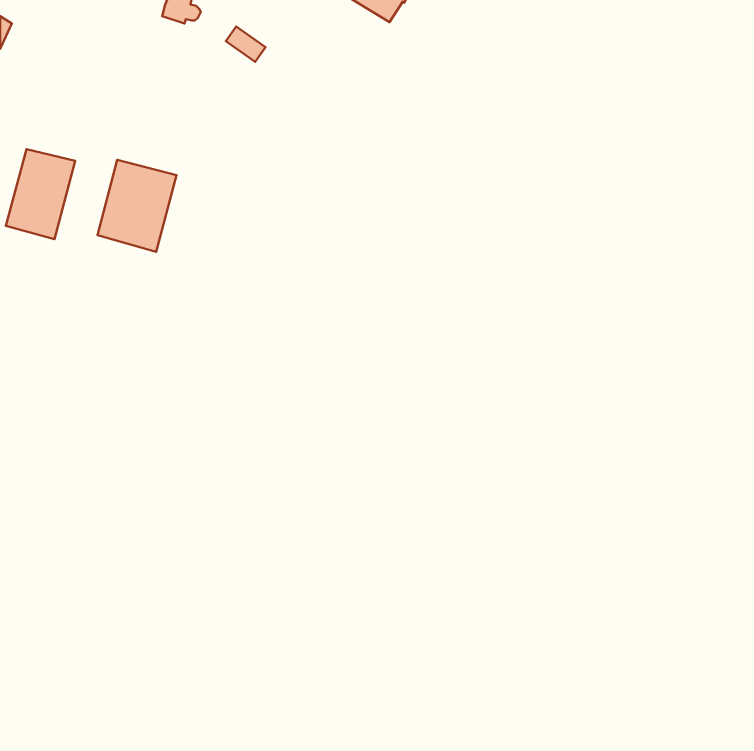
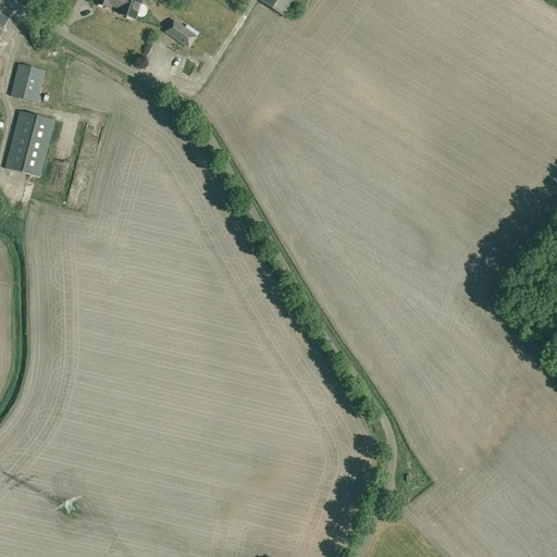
building: none -> [11,62,45,101]
building: [98,160,177,252] -> none

